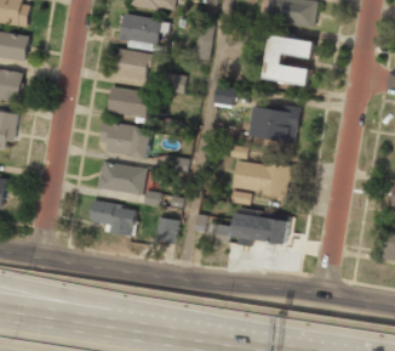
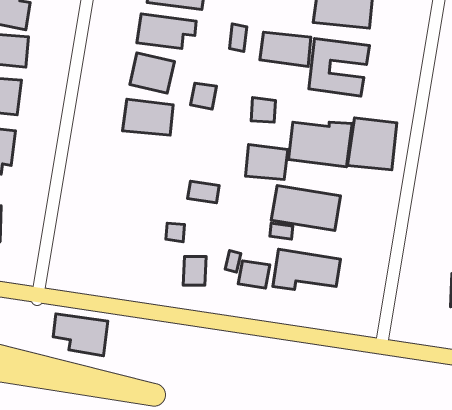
building: none -> [260,32,311,66]
building: none -> [348,118,397,170]
building: [98,120,150,159] -> none
building: none -> [246,144,288,179]
building: [97,162,145,194] -> none
building: [90,202,136,237] -> [53,314,108,356]

